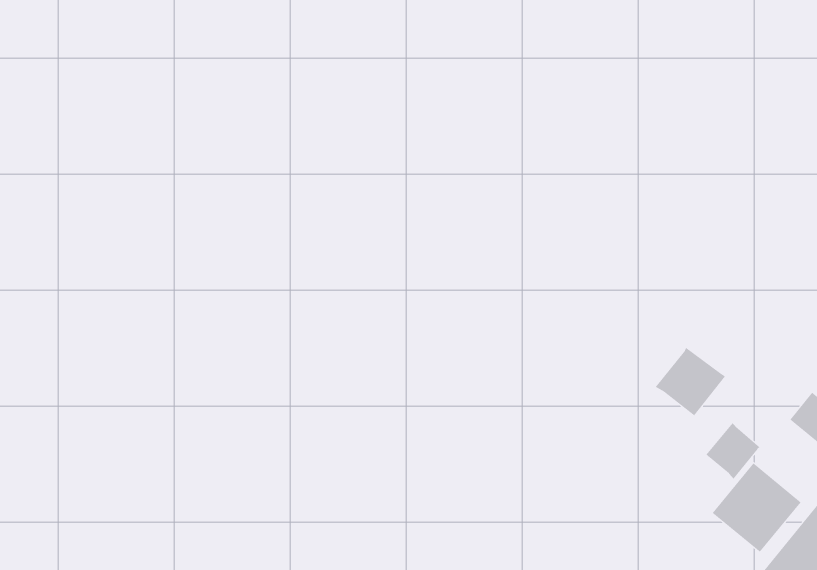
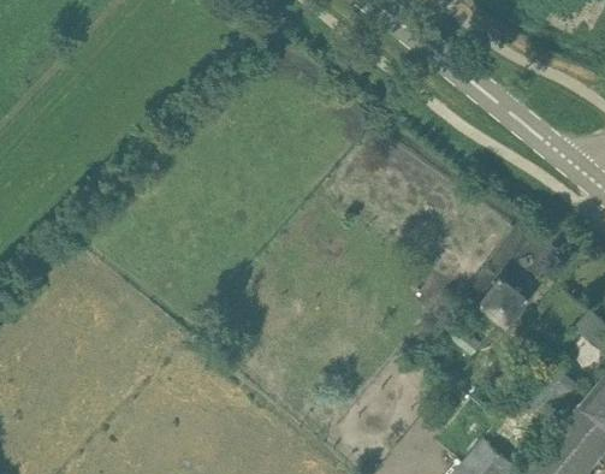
building: [706,422,761,479] -> none

